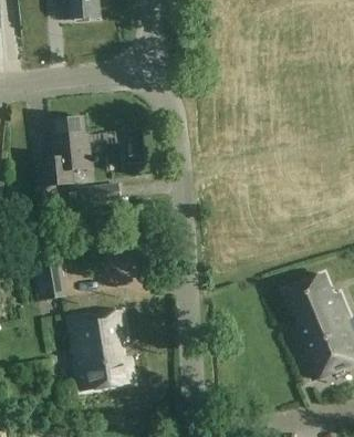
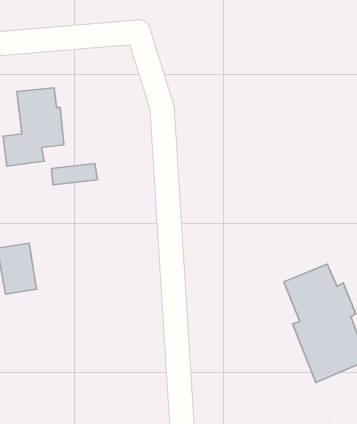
building: [69,310,133,389] -> none

